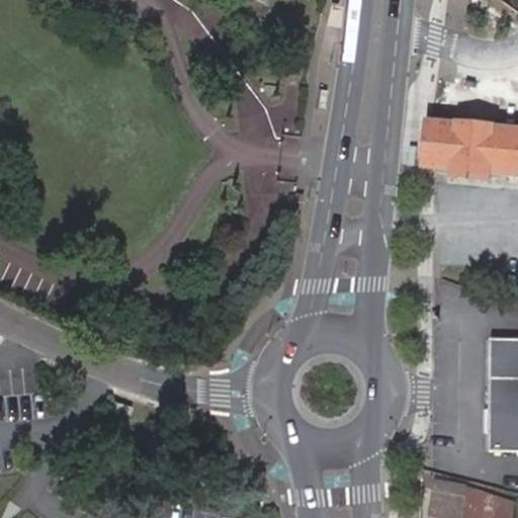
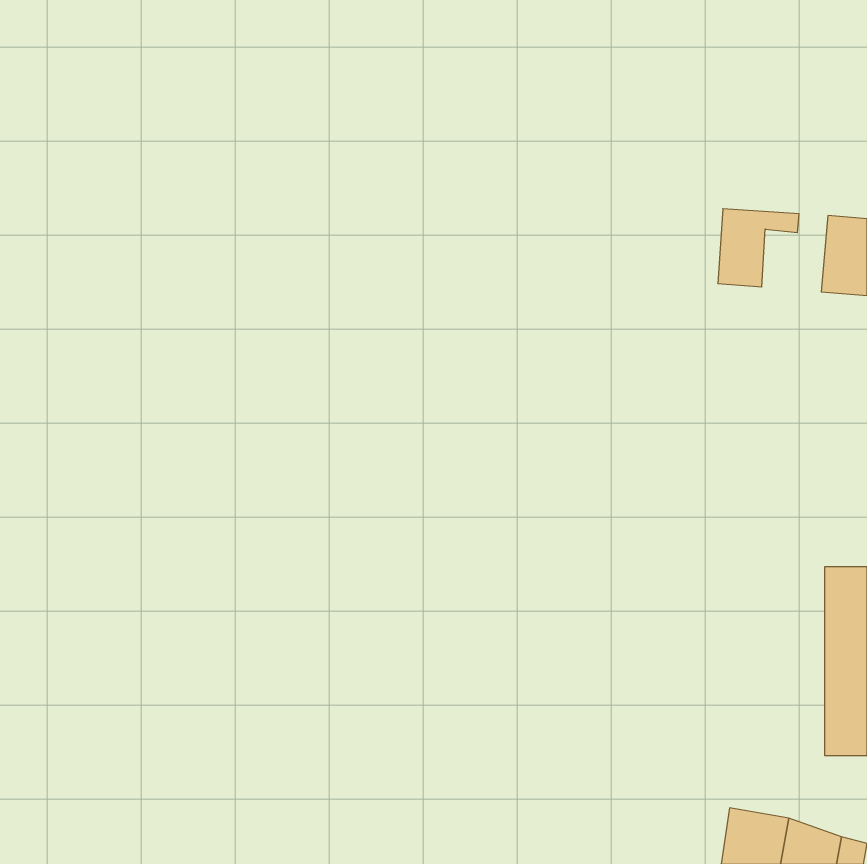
building: [453,127,494,180] -> none

